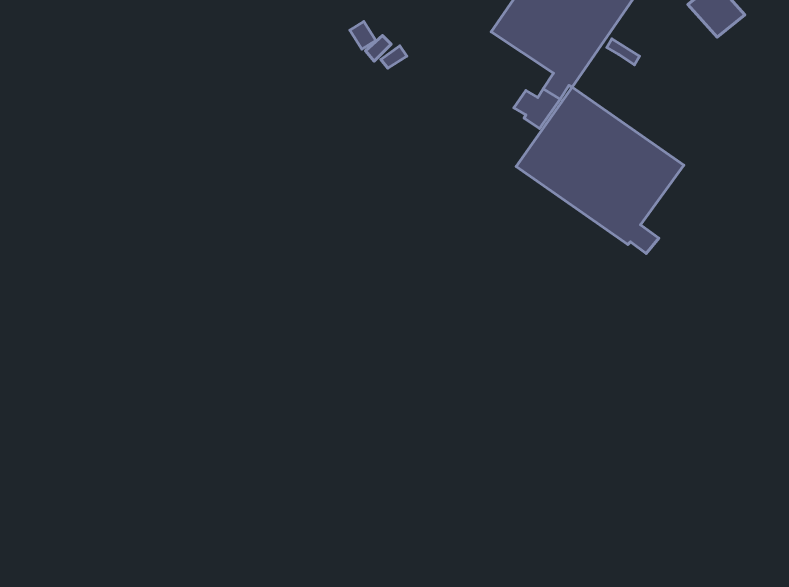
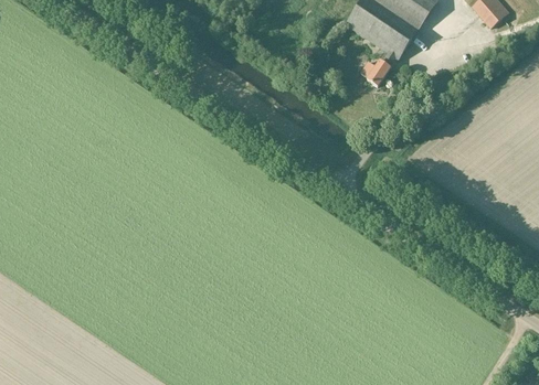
building: [516,87,684,254] -> none

